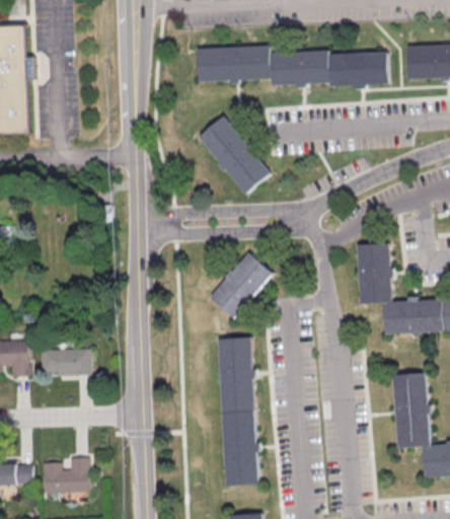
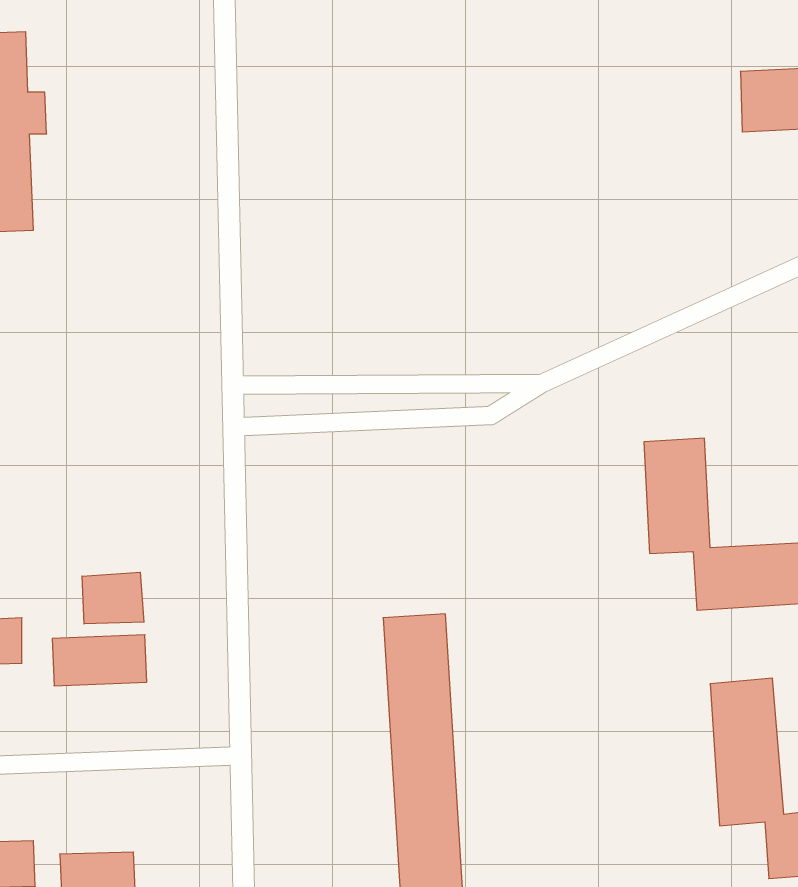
building: [198,48,389,90] -> none
building: [198,117,270,195] -> none
building: [210,252,274,319] -> none
building: none -> [82,572,144,624]

